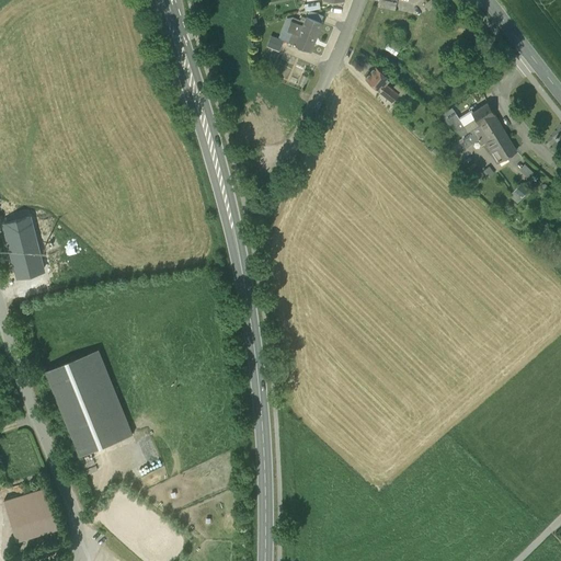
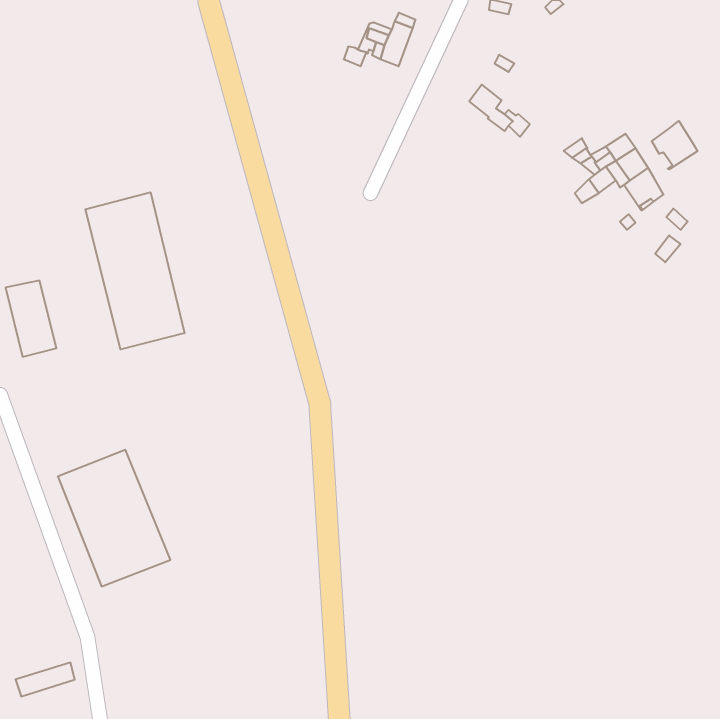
building: none -> [652,121,697,169]
building: none -> [85,192,184,349]
building: [4,489,55,529] -> none

